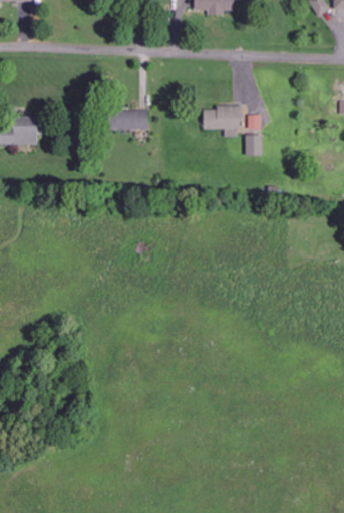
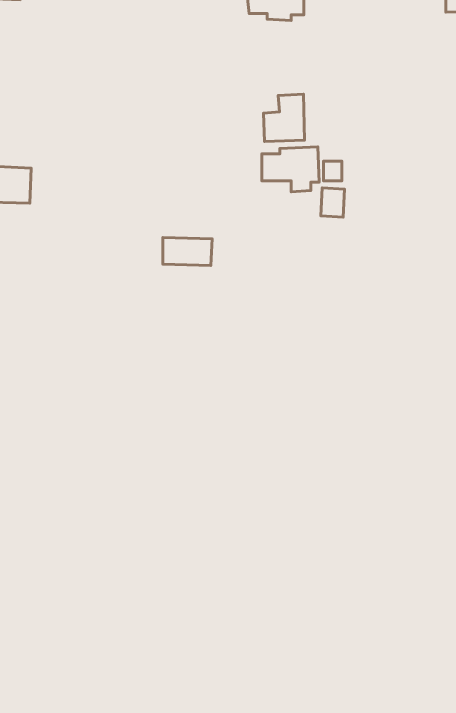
building: none -> [263,94,304,142]
building: [113,110,148,130] -> [163,237,212,266]

